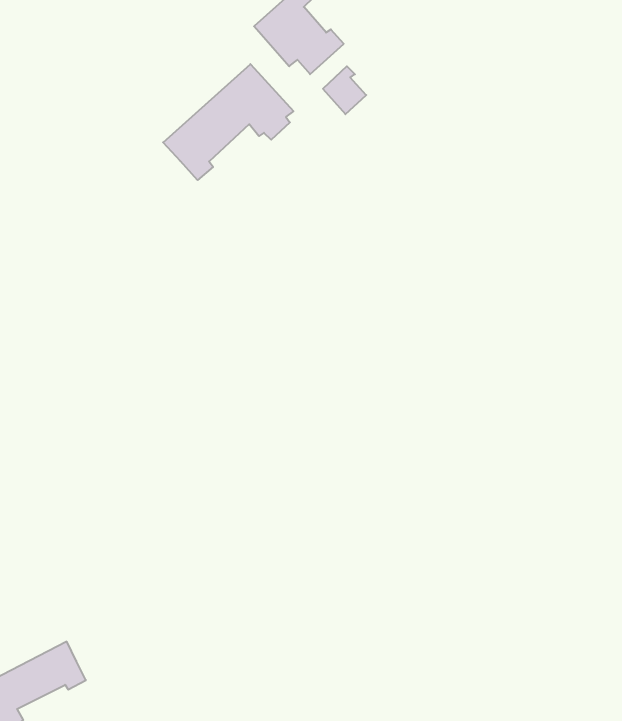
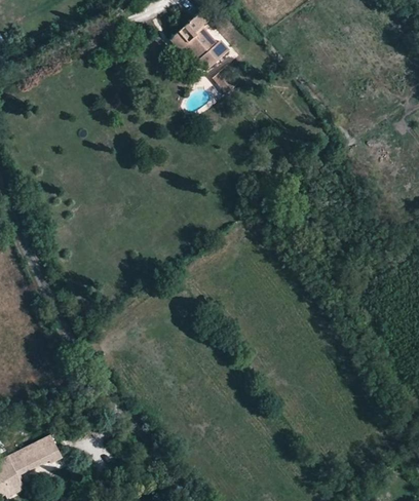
building: [163,64,293,180] -> none

